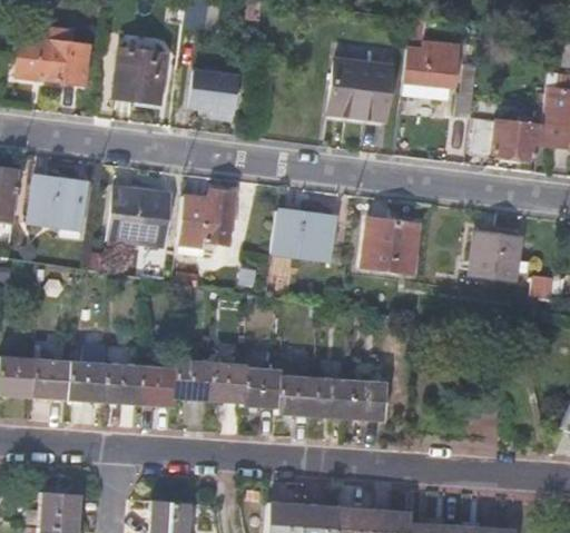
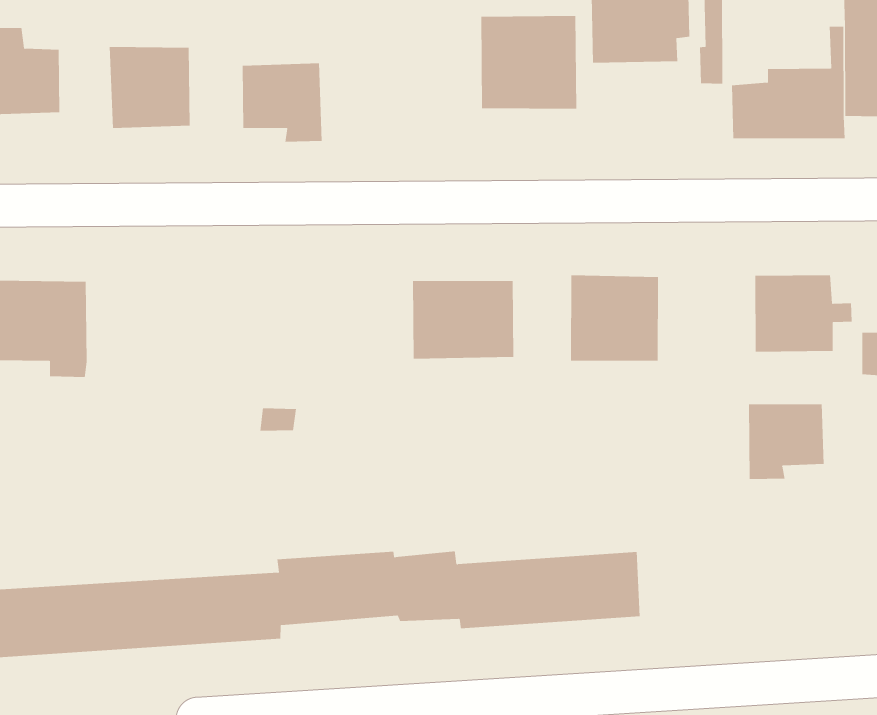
building: [108,187,173,245] -> none
building: [178,190,235,256] -> none
building: none -> [749,403,824,480]

